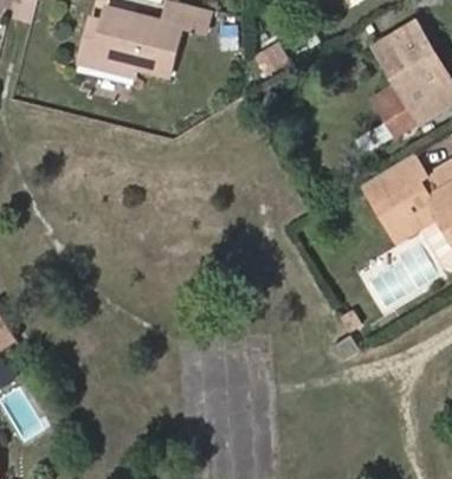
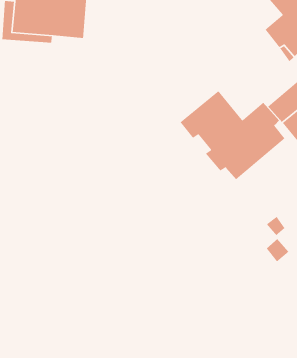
building: none -> [179,90,285,180]

